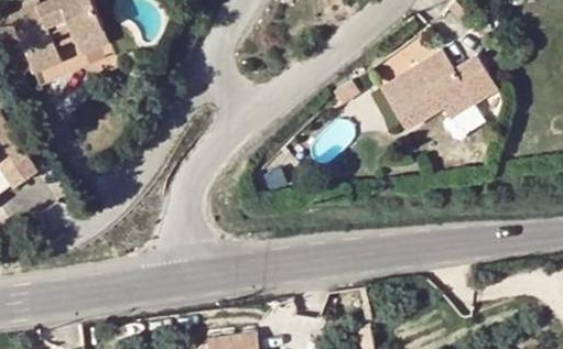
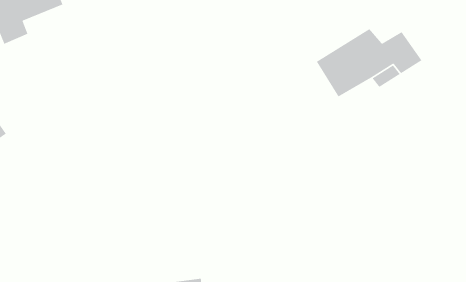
building: [32,26,107,85] -> none

